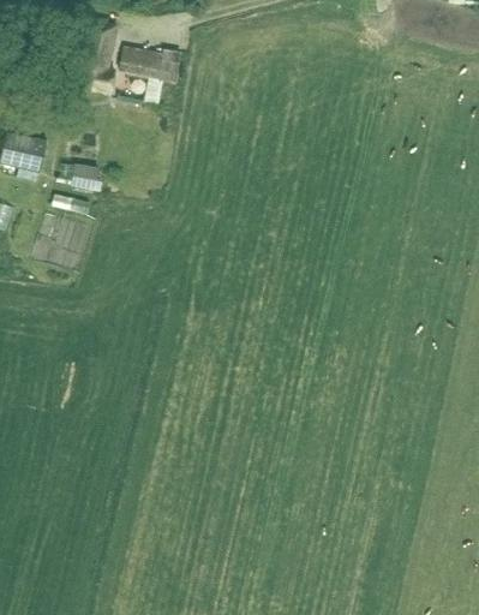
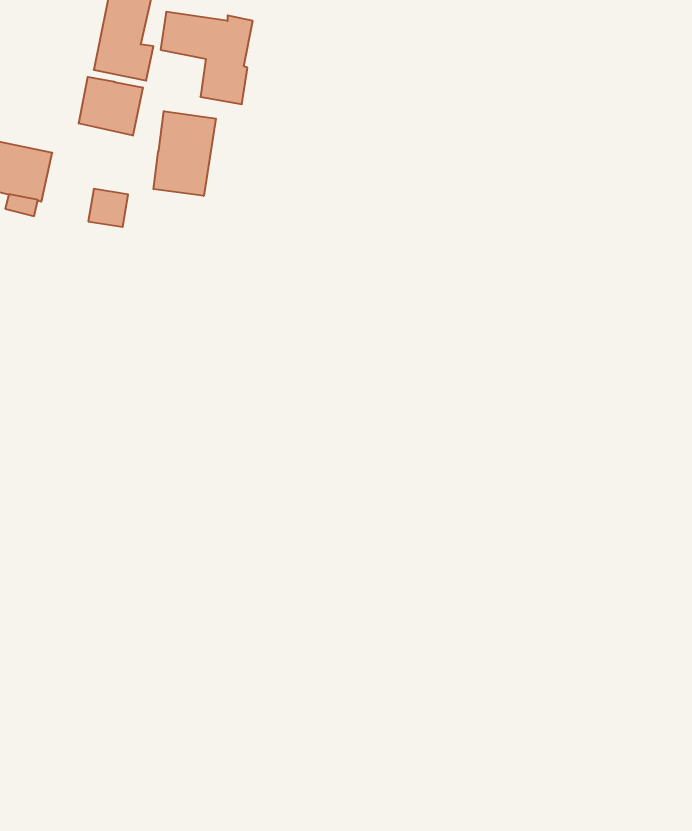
building: none -> [79,77,143,136]
building: none -> [154,111,216,196]

